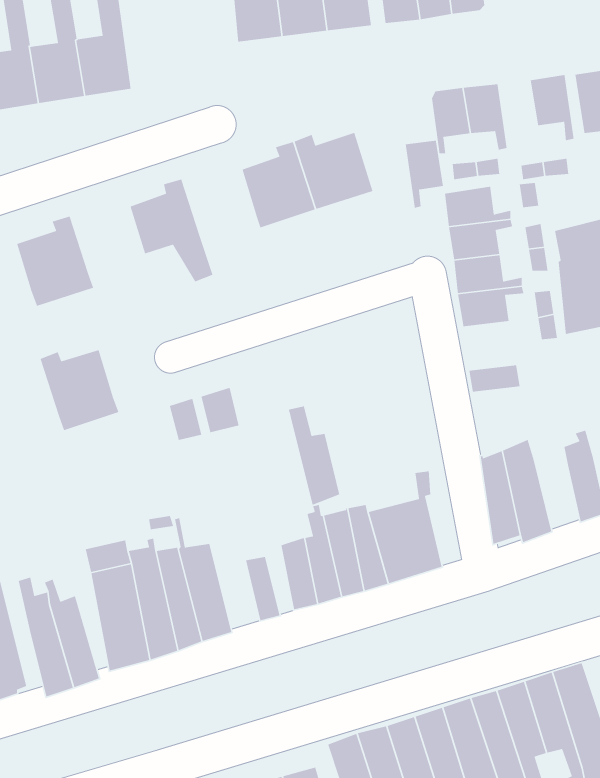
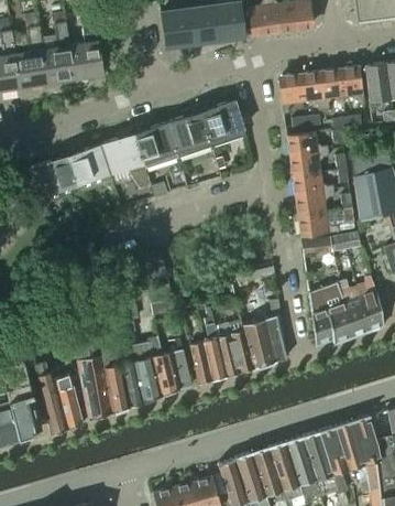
building: [405,140,444,209] -> [319,69,342,110]
building: none -> [132,122,176,162]
building: none -> [298,213,339,237]
building: [39,349,120,431] -> [66,144,113,193]
building: [288,405,340,506] -> [147,337,178,397]
building: none -> [337,279,367,337]

